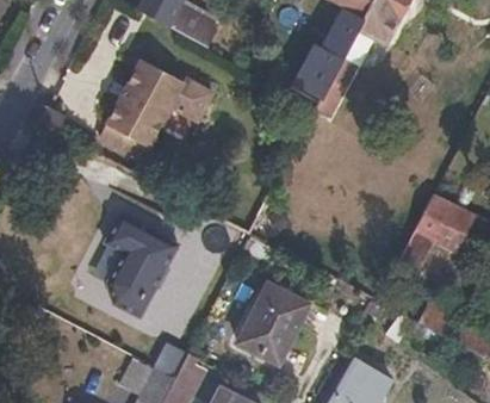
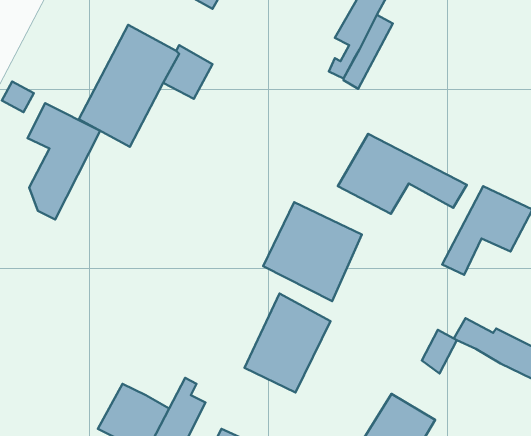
building: none -> [338,134,467,214]
building: none -> [263,202,362,301]
building: [119,221,179,316] -> [28,103,100,220]

